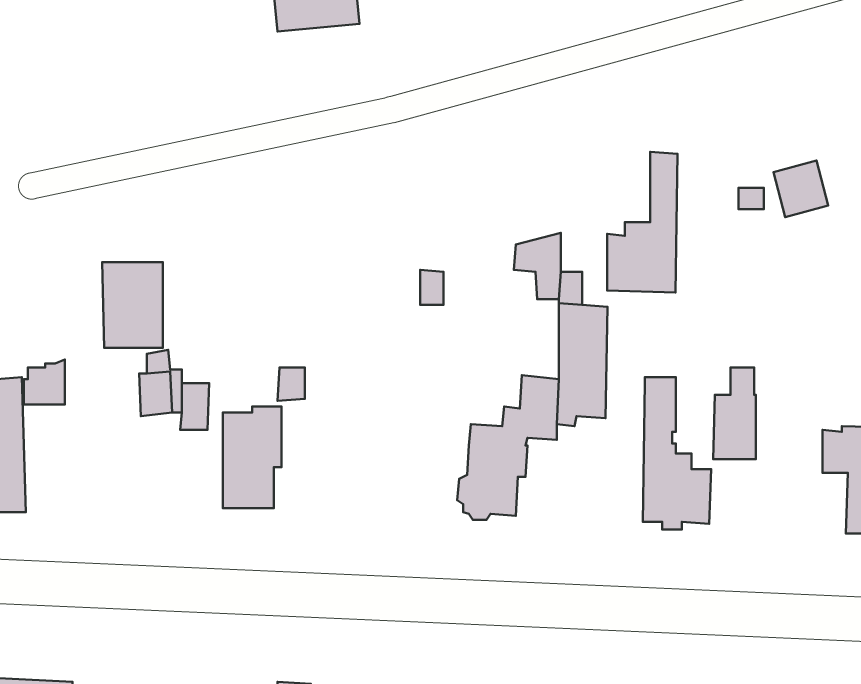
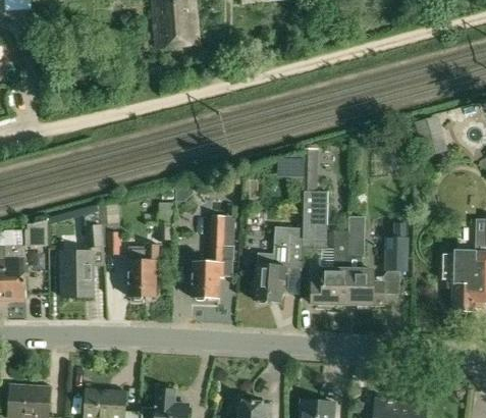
building: [607,152,677,292] -> [312,230,348,304]
building: [102,262,163,348] -> [61,252,93,297]
building: none -> [192,215,233,298]

